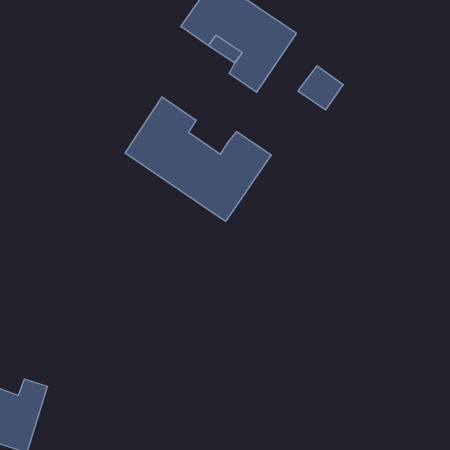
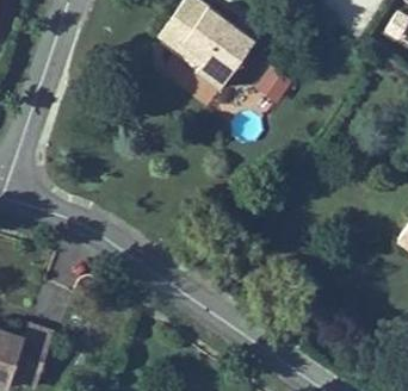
building: [125,97,271,221] -> none

